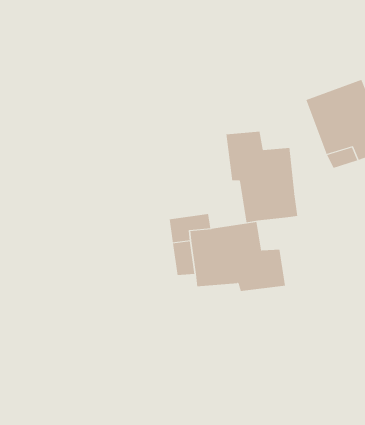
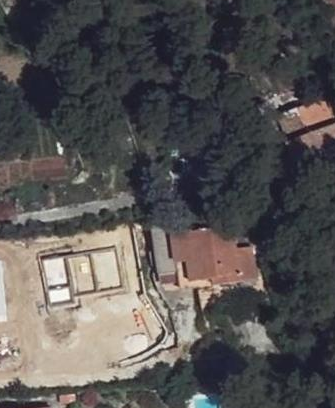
building: [226,131,298,223] -> none

